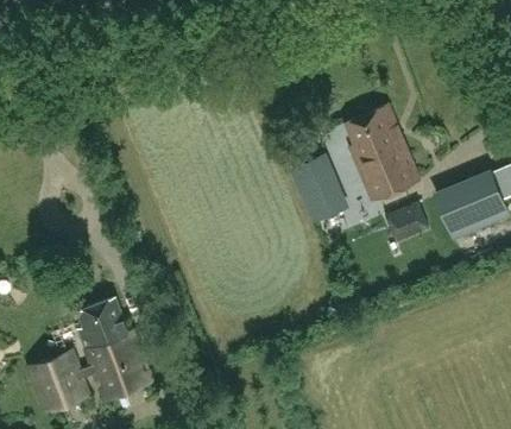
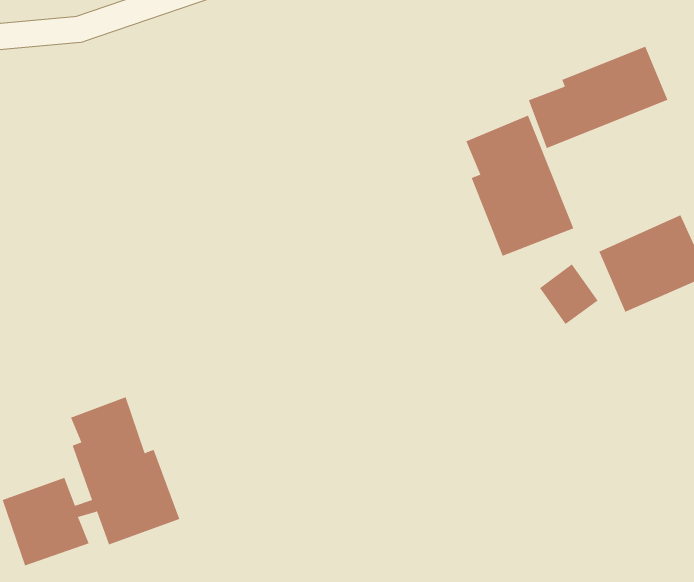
building: none -> [528,46,668,149]
building: [290,152,353,221] -> none

